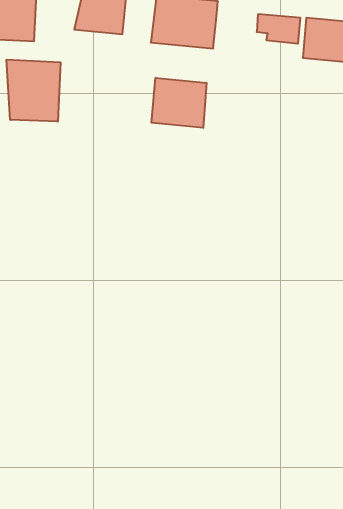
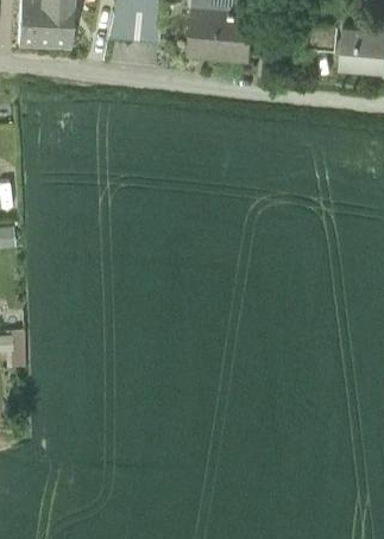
building: [7,60,61,122] -> none
building: [151,78,206,128] -> none

